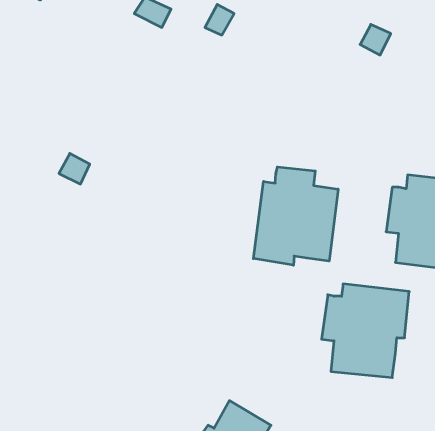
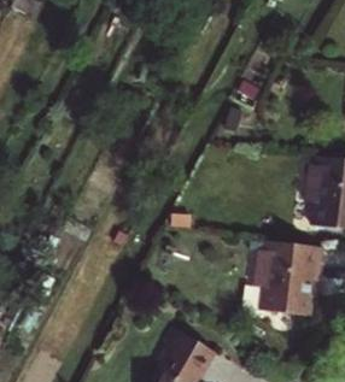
building: [253,167,338,265] -> none

